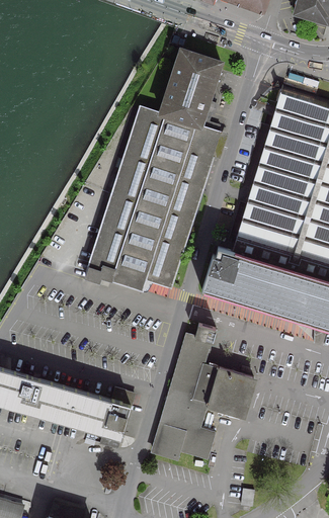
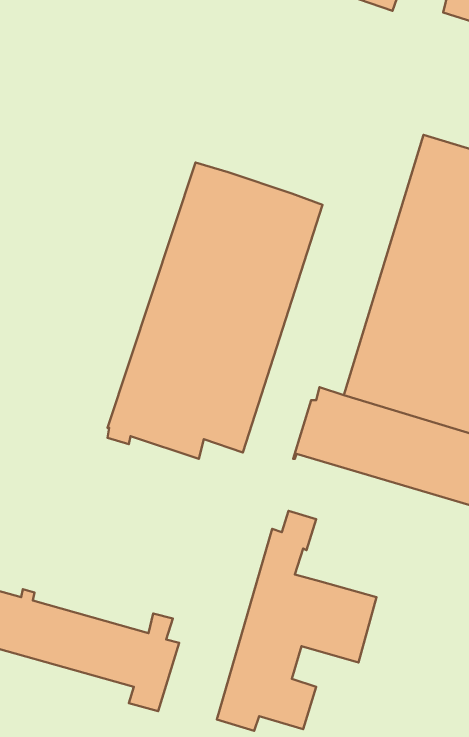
building: [160,51,220,126] -> none

